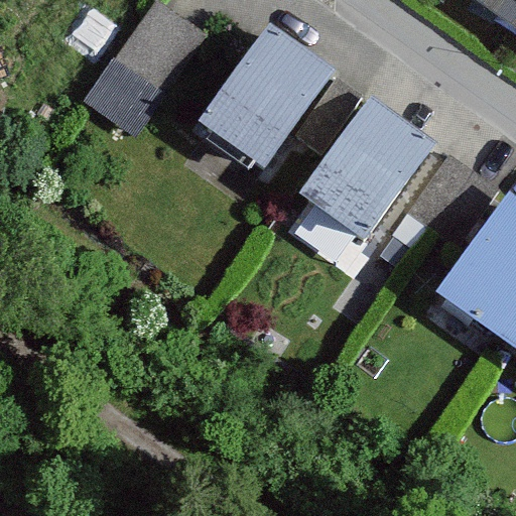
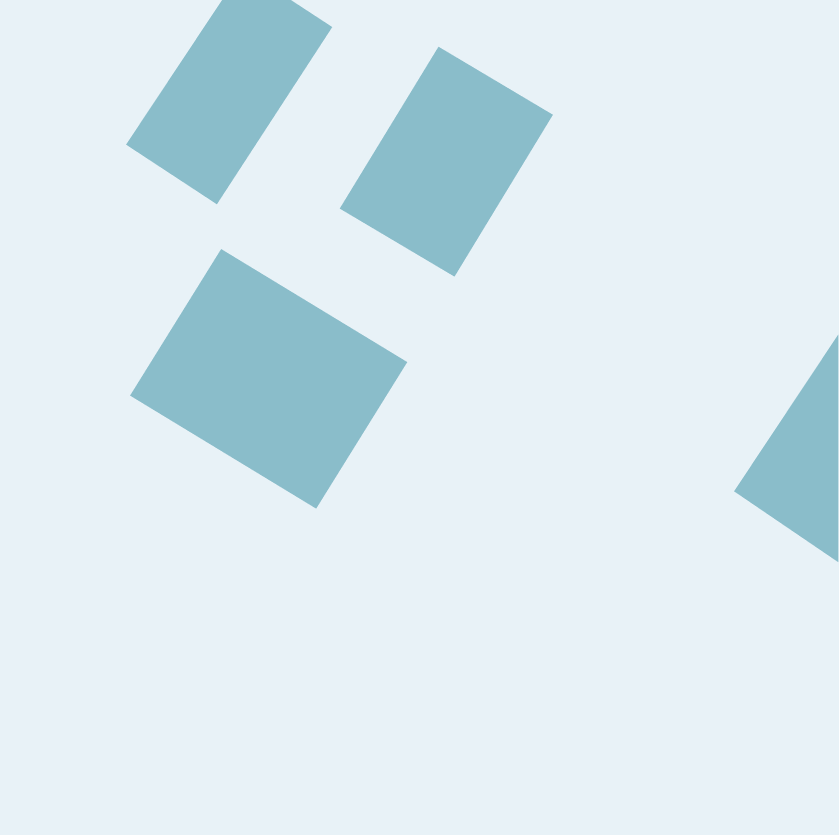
building: [304,101,431,235] -> none
building: none -> [129,248,409,510]

